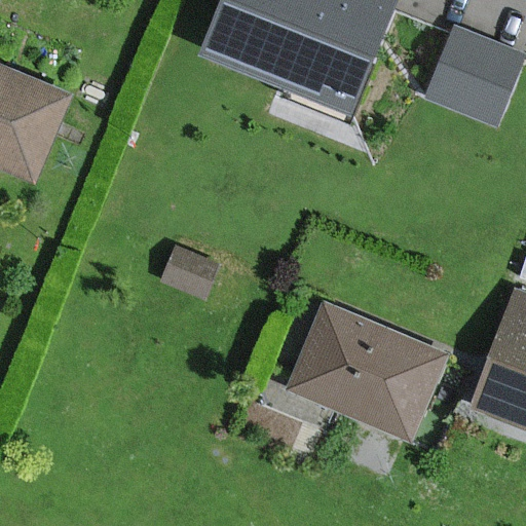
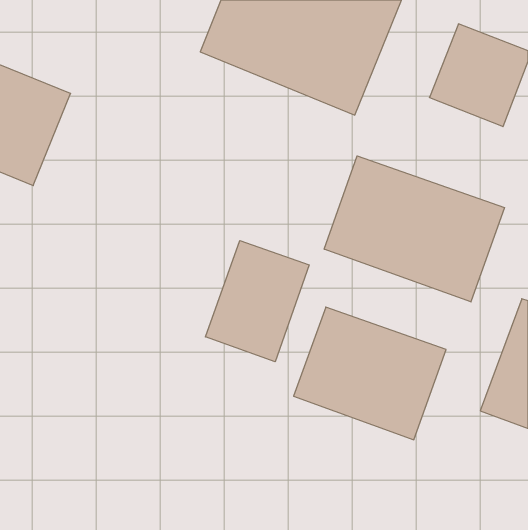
building: none -> [324,156,505,302]
building: none -> [205,241,309,362]

